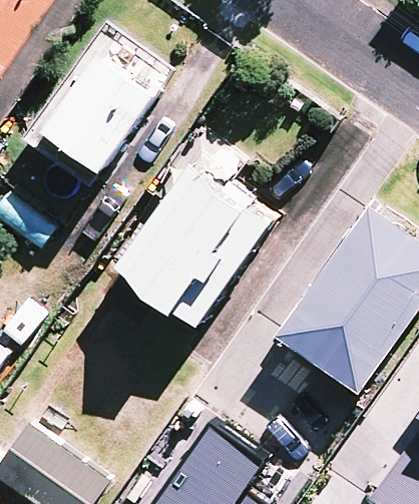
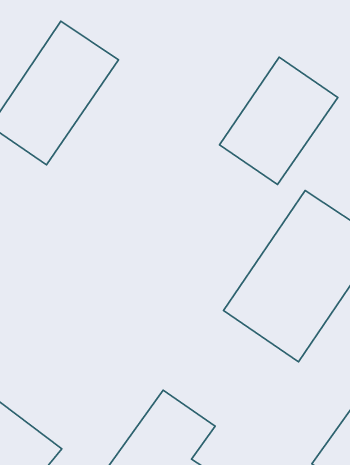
building: none -> [219,57,338,185]
building: [118,139,273,320] -> none

